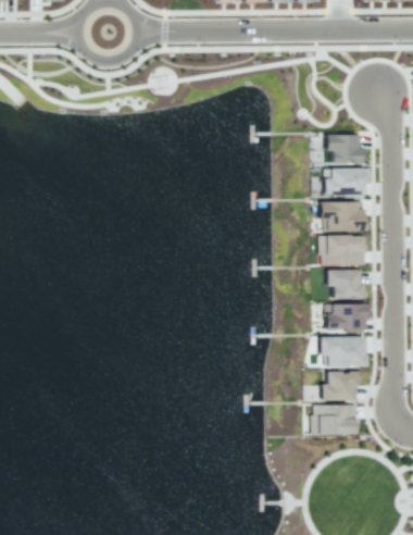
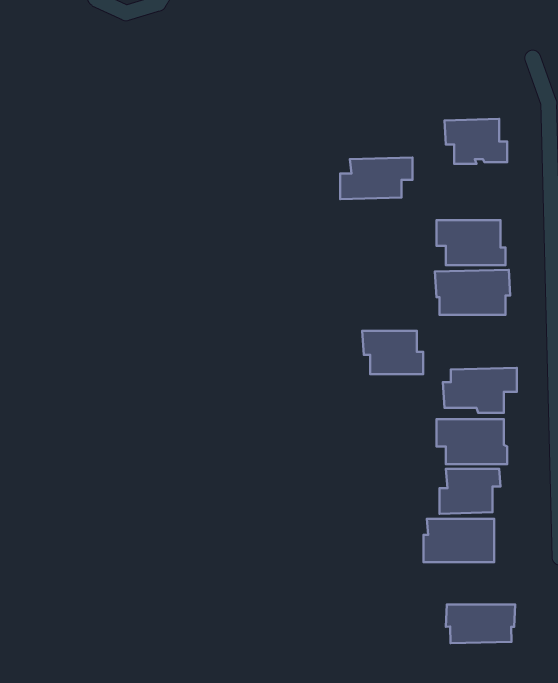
building: [321,166,370,195] -> [340,157,413,199]
building: [324,269,365,298] -> [362,331,423,374]
building: none -> [446,605,515,643]

